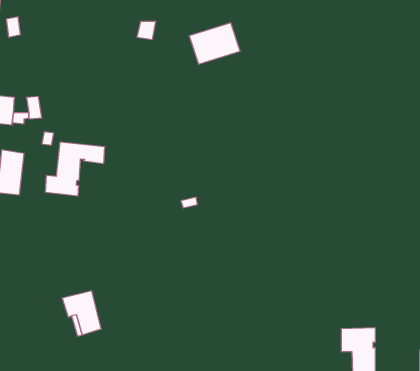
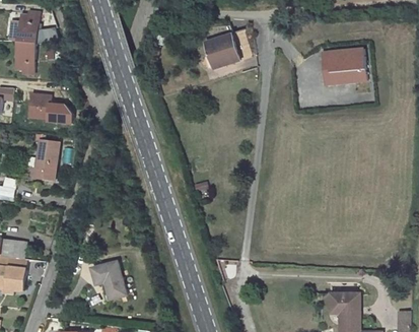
building: none -> [321,48,365,84]
building: [45,142,105,196] -> none

